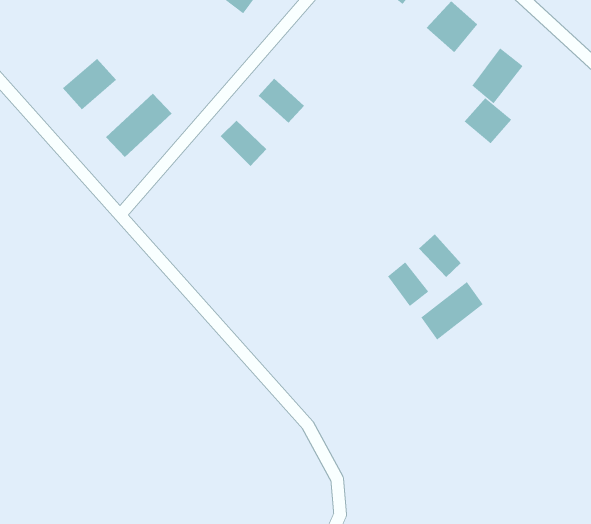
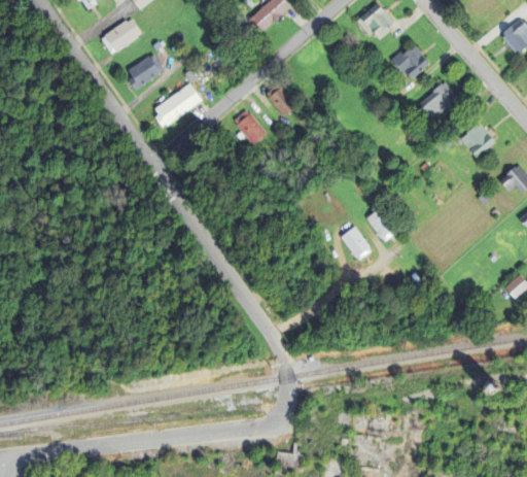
building: none -> [101,18,141,55]
building: [464,97,512,144] -> [460,124,495,158]
building: [420,281,483,340] -> none

